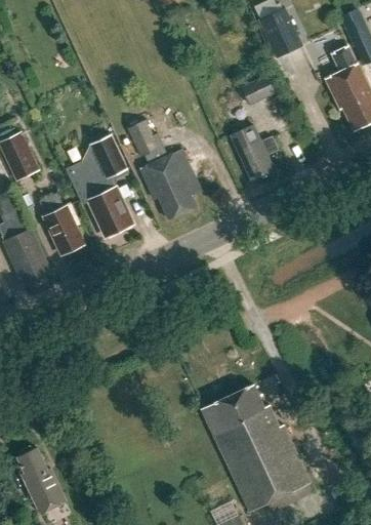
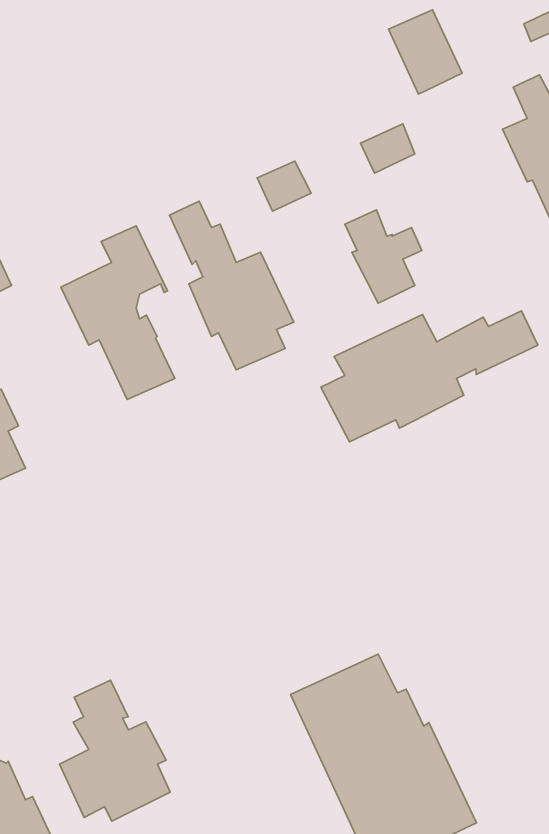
building: none -> [257,161,311,211]
building: none -> [321,311,538,442]
building: [39,193,82,253] -> none
building: none -> [60,680,170,821]

